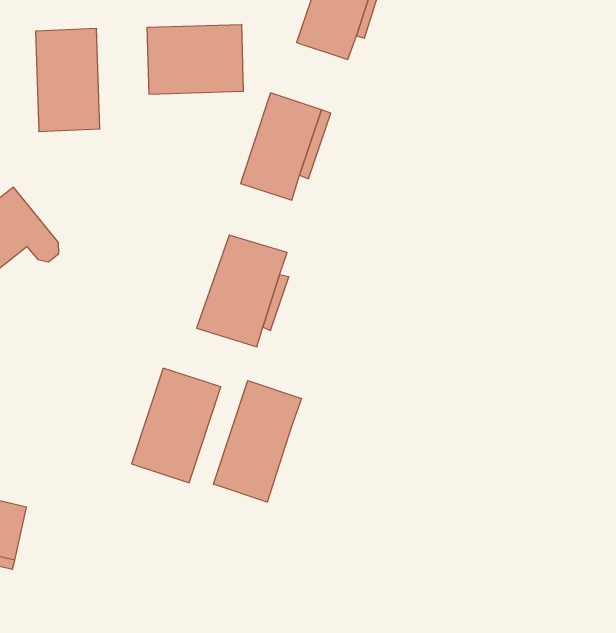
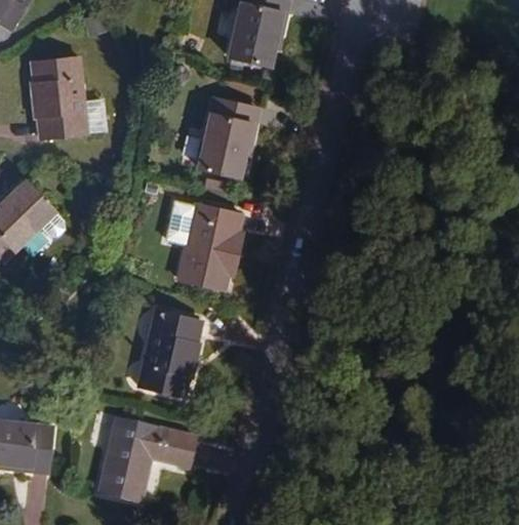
building: [147,24,243,94] -> none
building: [214,381,301,502] -> none
building: none -> [96,420,192,502]

